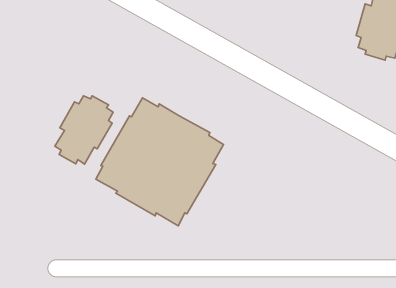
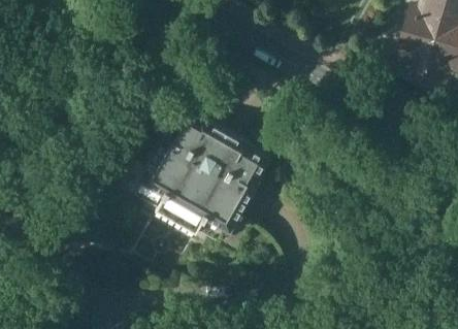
building: [55,96,113,164] -> none

